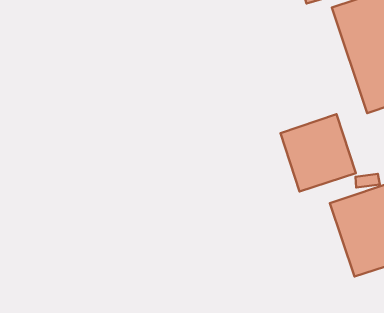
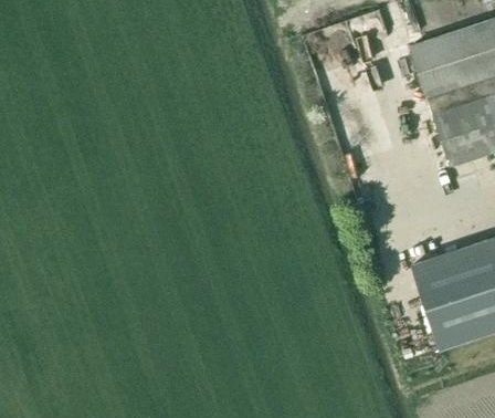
building: [281,114,356,192] -> none

